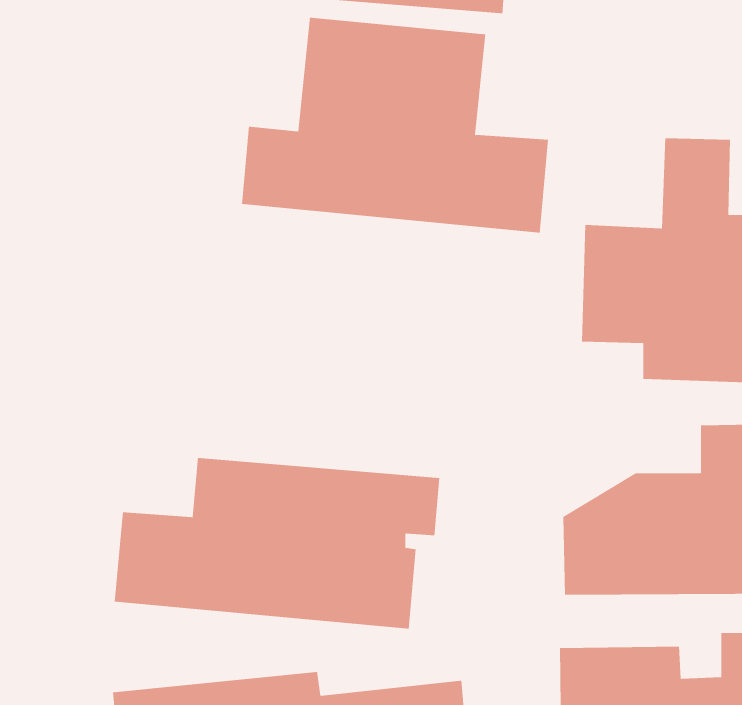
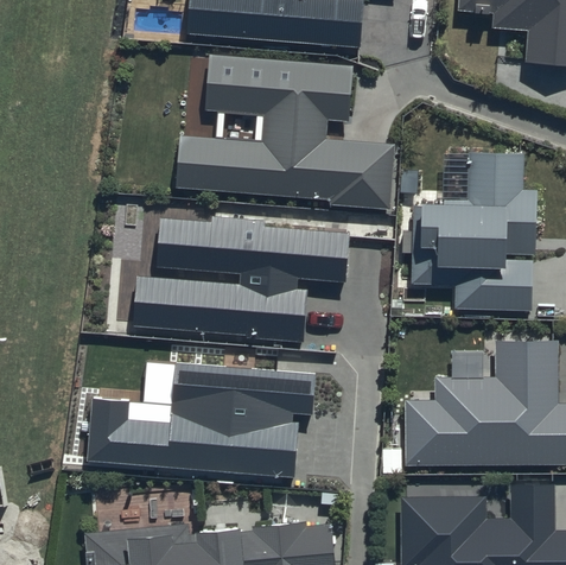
building: none -> [134,220,349,337]

